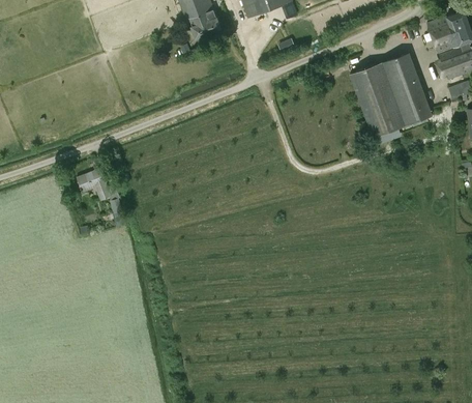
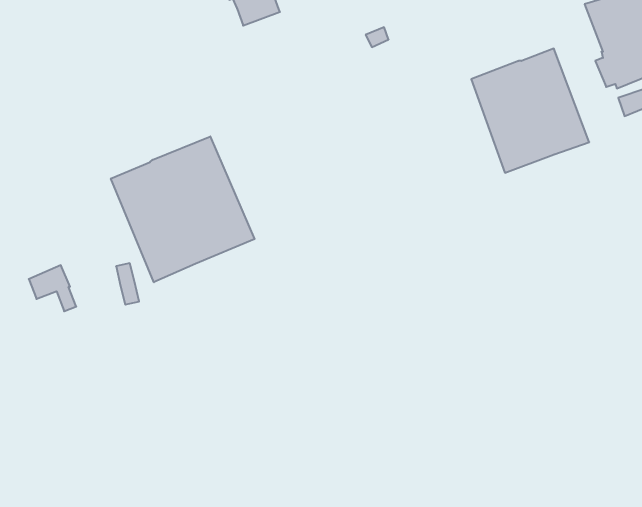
building: none -> [111,136,255,282]
building: [78,168,110,199] -> [29,265,76,311]

